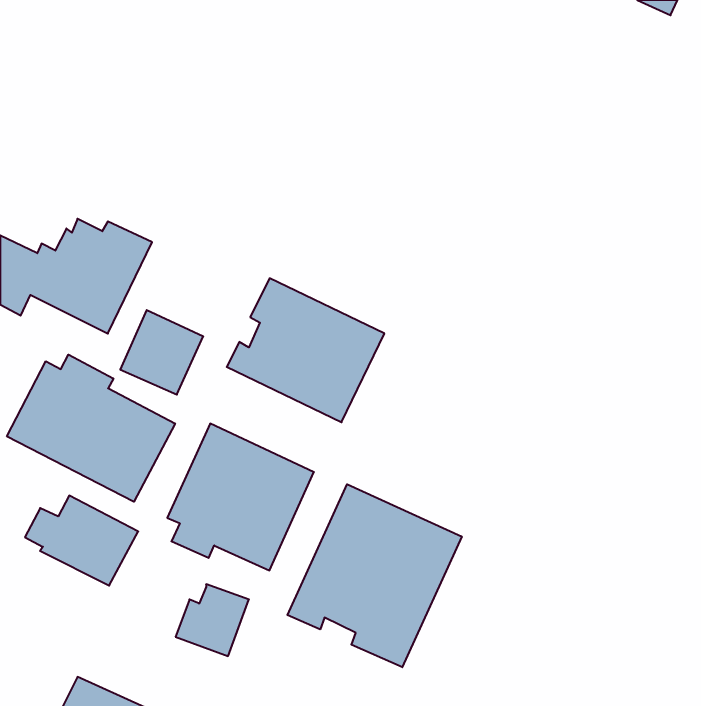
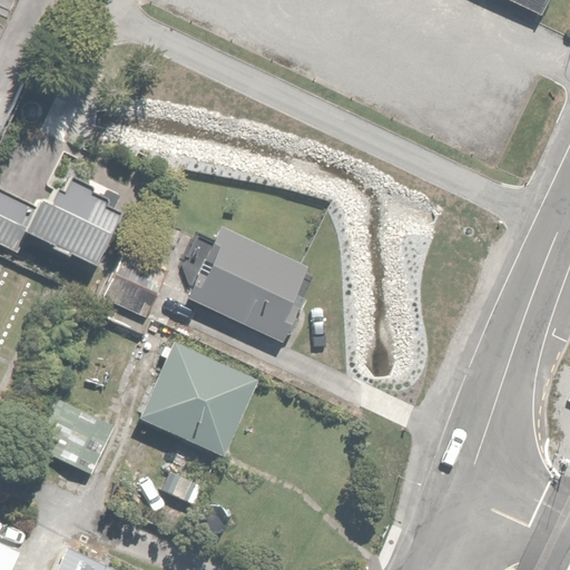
building: [7,355,175,502] -> none
building: [287,484,462,667] -> none

